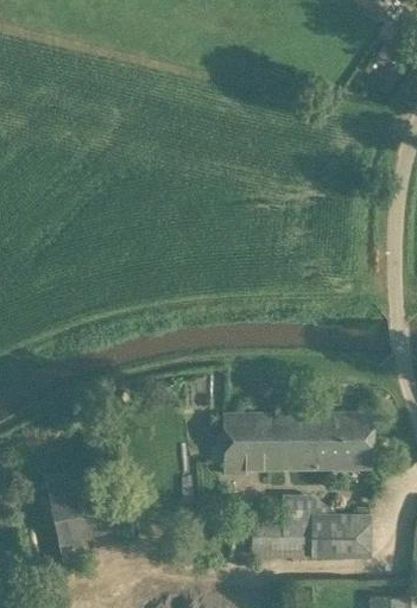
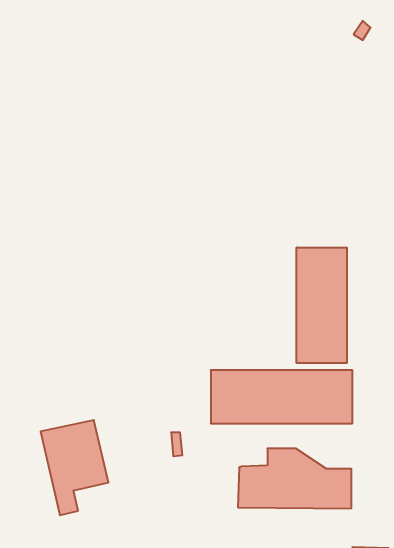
building: none -> [297,247,347,363]

